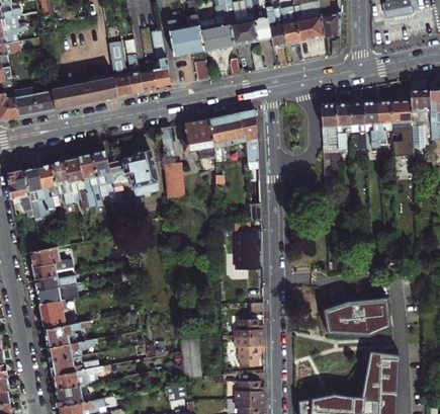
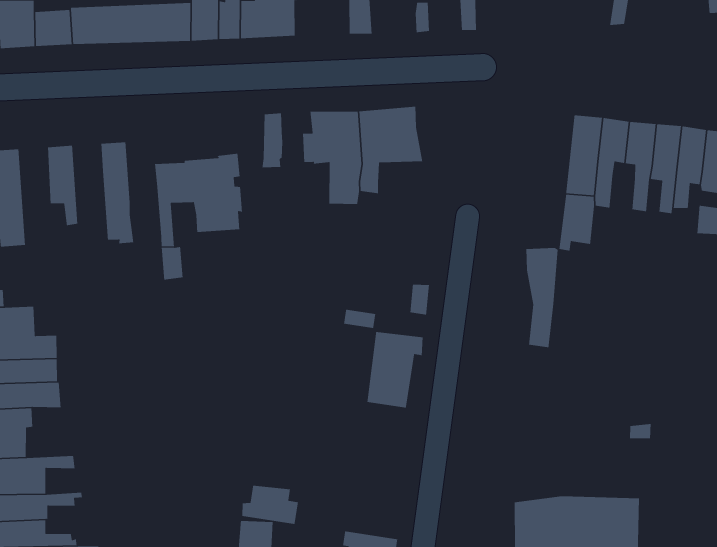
building: [239,109,259,162] -> [526,247,559,348]
building: [92,151,117,202] -> none
building: [65,157,90,211] -> none
building: [37,163,61,217] -> none
building: [165,164,183,198] -> none
building: [235,319,264,337] -> [242,485,299,525]

